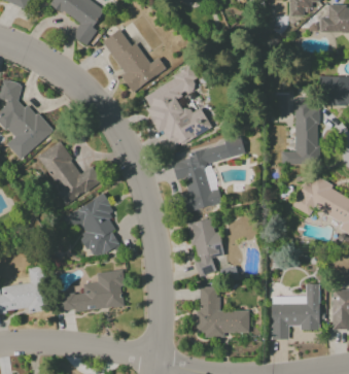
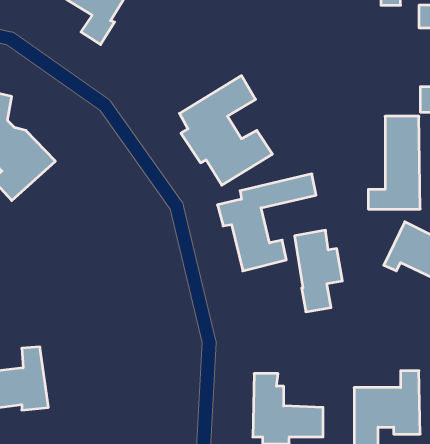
building: [102,29,167,93] -> none
building: [38,141,102,205] -> none
building: [63,196,119,259] -> none
building: [189,218,224,278] -> [295,230,342,312]
building: [59,270,126,312] -> none

